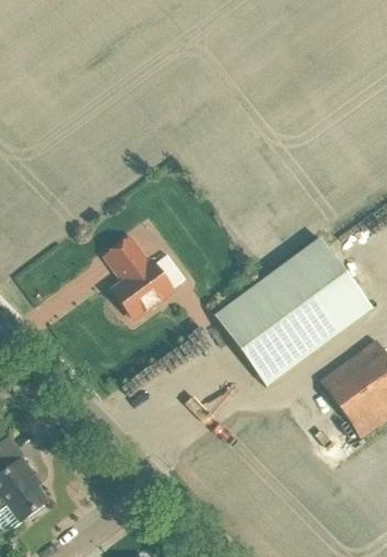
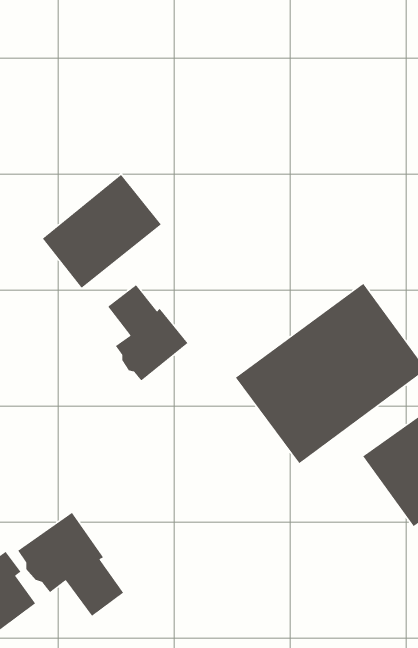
building: none -> [42,174,162,289]
building: none -> [17,512,124,617]

